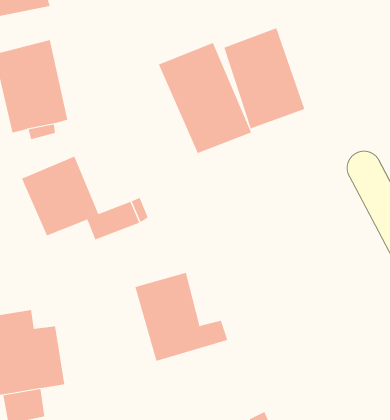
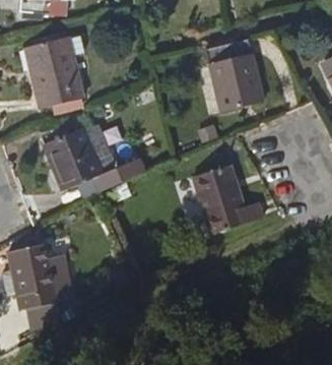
building: [158,42,252,154] -> none
building: [134,272,228,362] -> [194,163,265,231]

